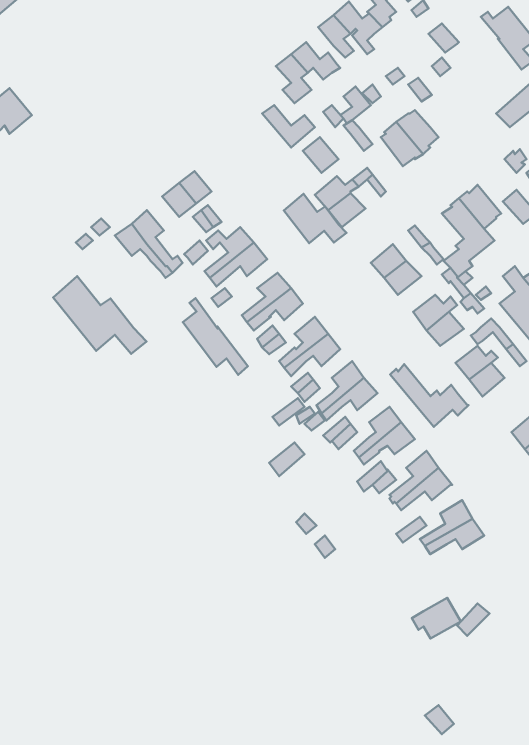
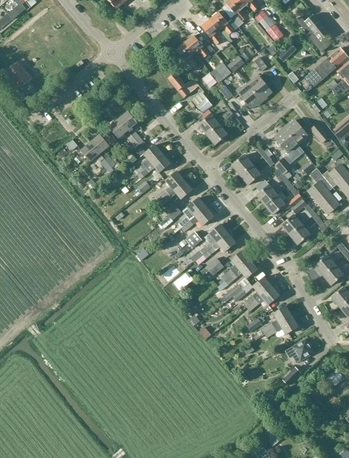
building: [284,194,346,243] -> none
building: [53,276,147,354] -> none
building: [183,298,248,375] -> none
building: [390,364,469,427] -> none
building: [412,598,461,638] -> [284,338,313,362]

